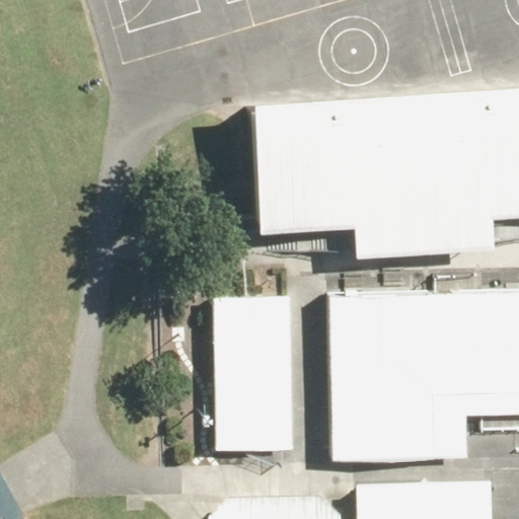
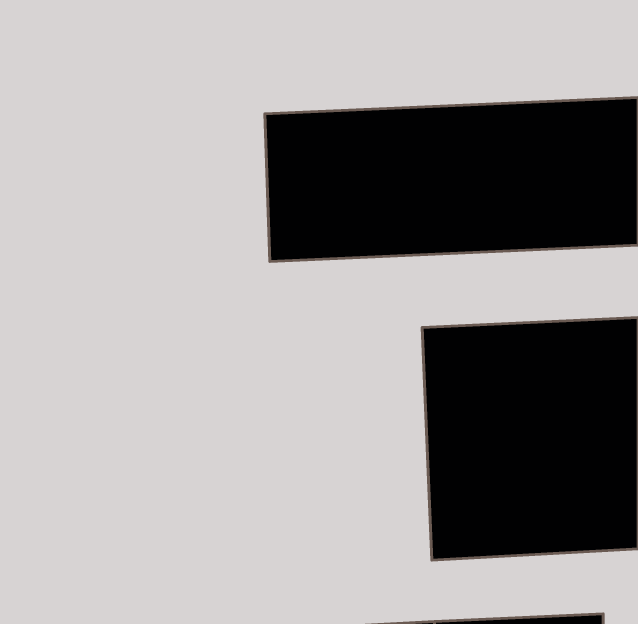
building: [206,297,308,473] -> none

